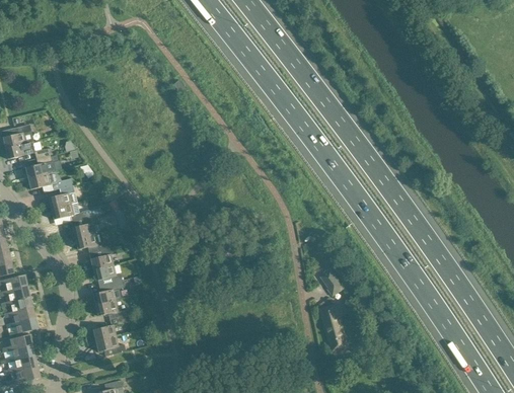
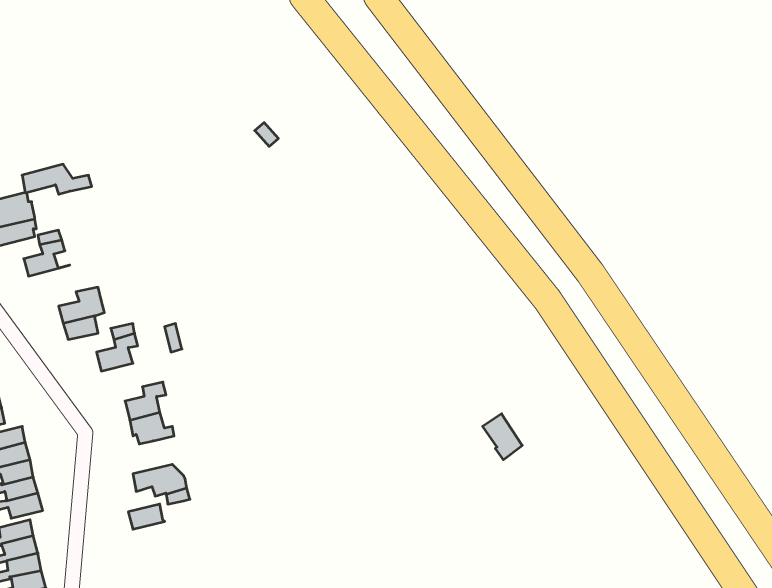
building: [28,171,73,190] -> [22,164,92,194]
building: [75,233,115,252] -> none
building: [92,281,124,305] -> none
building: [320,305,347,349] -> none
building: [95,335,126,356] -> none

